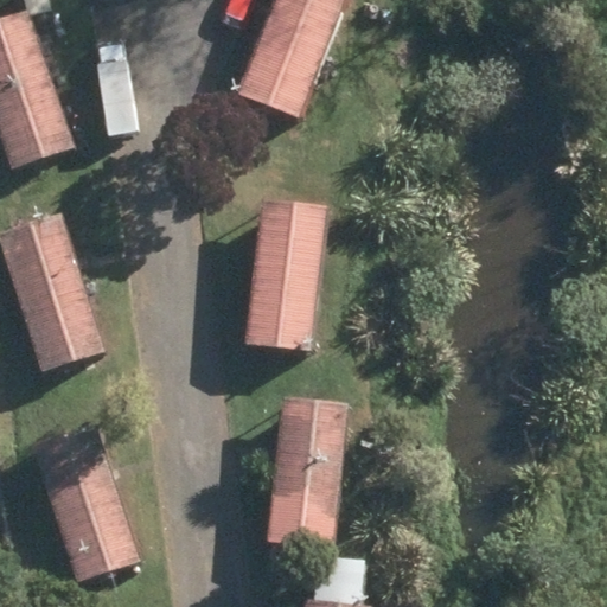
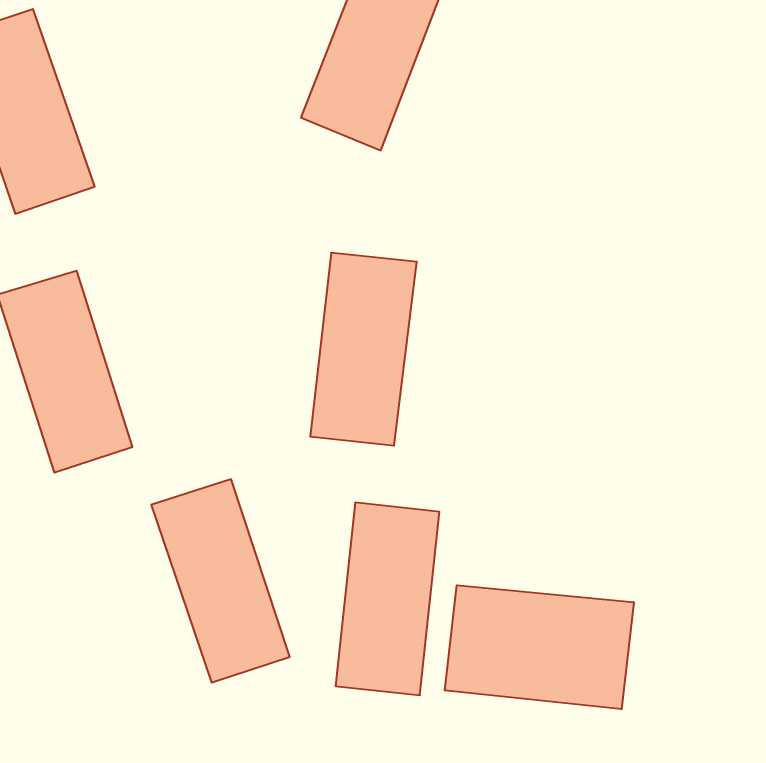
building: [30,422,139,582] -> [151,479,290,682]
building: none -> [445,585,634,709]

